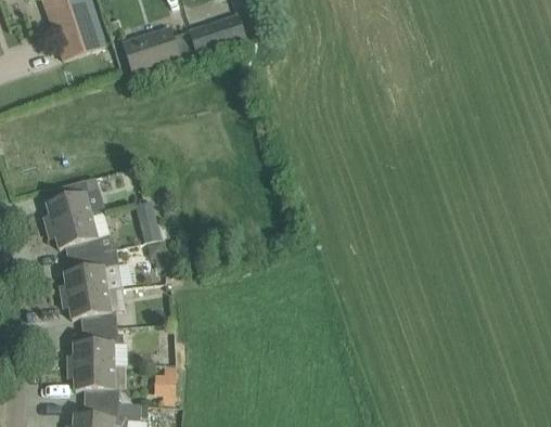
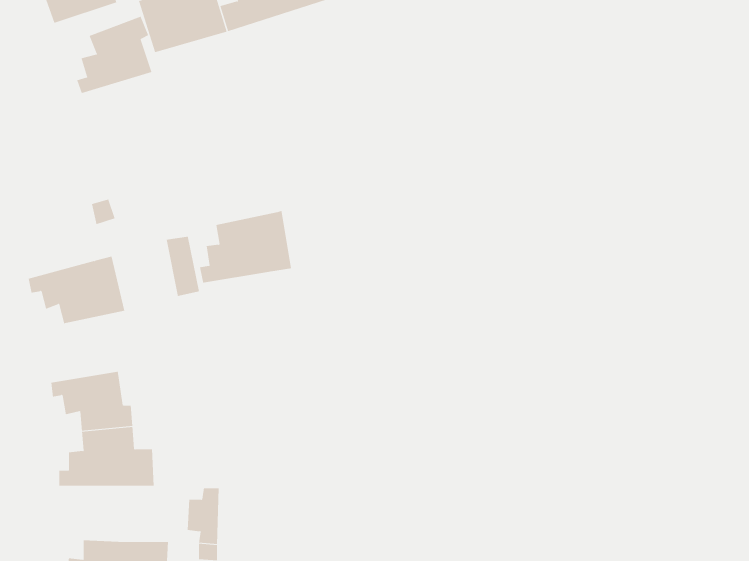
building: none -> [76,16,152,94]
building: [42,179,90,228] -> none
building: [59,248,120,297] -> [199,210,292,283]
building: [66,366,127,403] -> none

